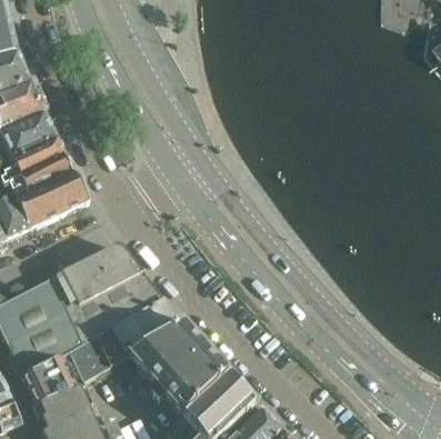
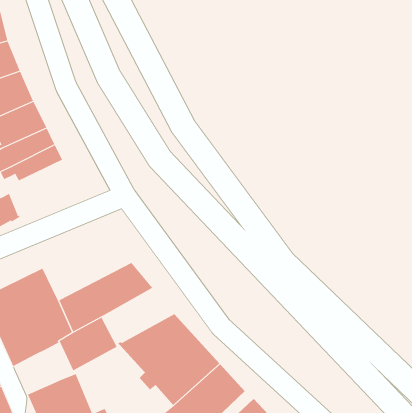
building: [17,170,90,227] -> none
building: [52,245,141,310] -> none
building: [111,298,183,357] -> none
building: [22,359,71,405] -> none

